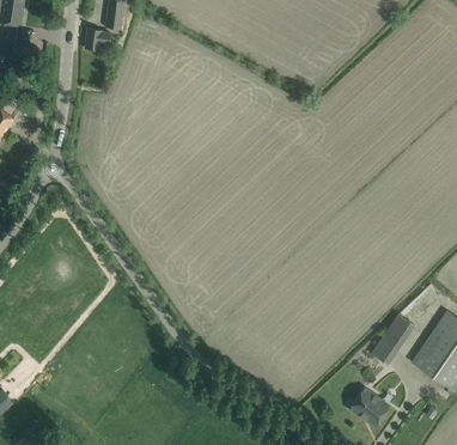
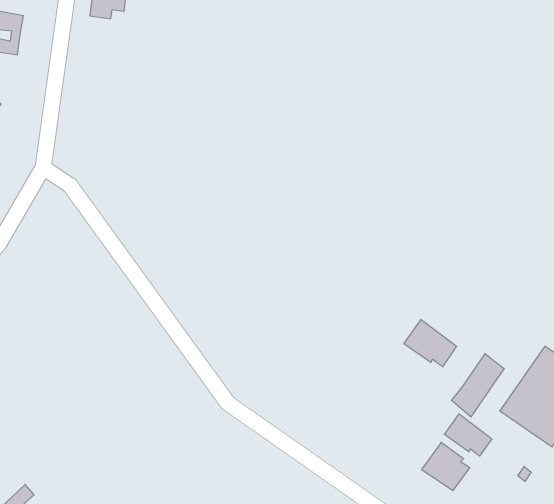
building: none -> [404,319,457,367]
building: none -> [444,414,492,456]

